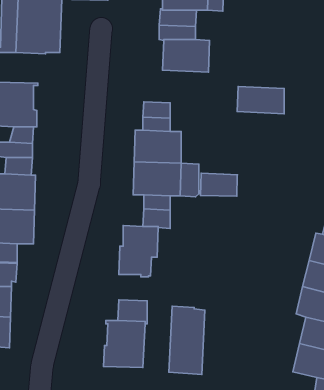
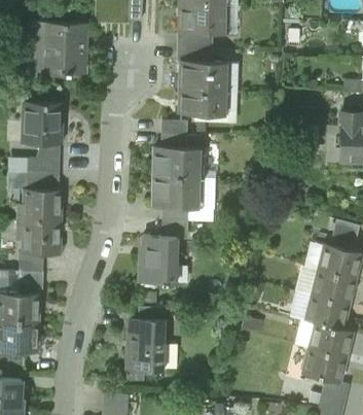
building: [237,86,284,114] -> [179,90,223,115]
building: [201,173,237,196] -> none
building: [169,306,205,375] -> none

